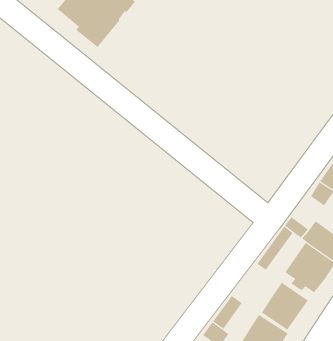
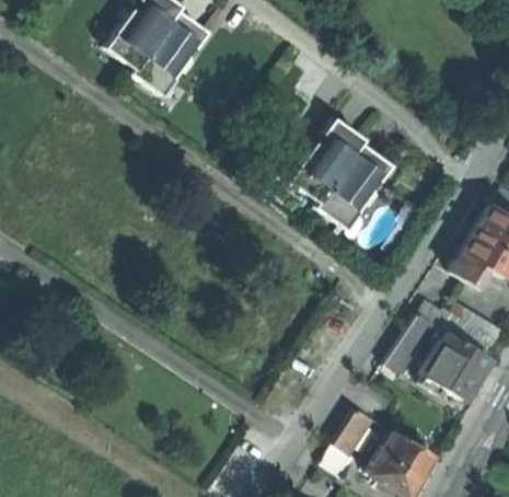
building: none -> [290,118,392,229]
building: [261,282,308,330] -> none

